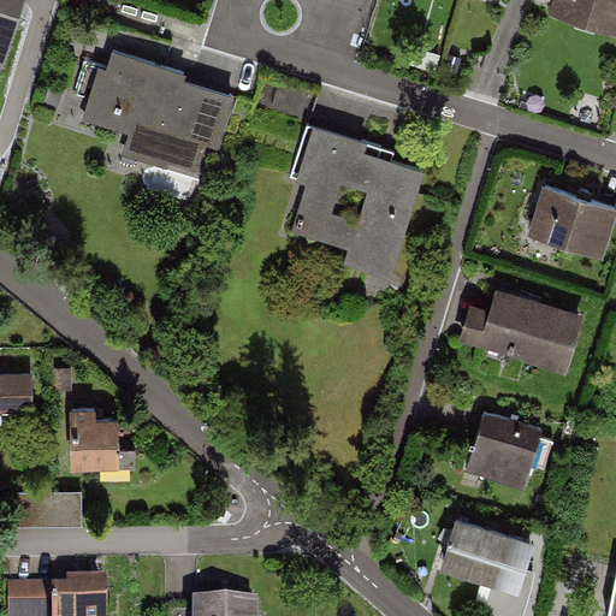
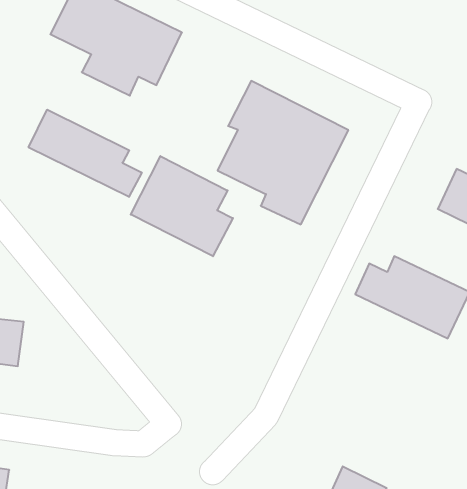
building: none -> [29,110,142,197]
building: none -> [131,156,233,256]
building: [467,414,543,490] -> none

